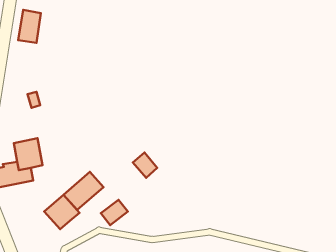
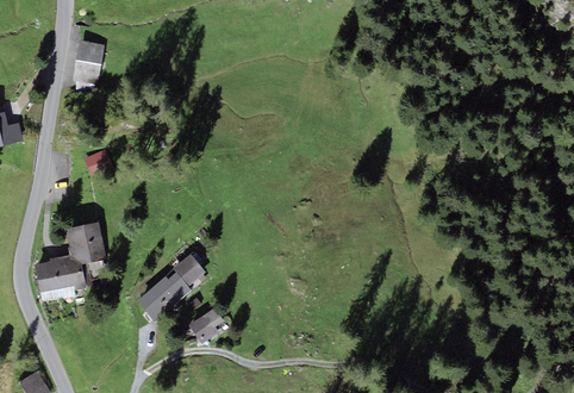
building: [133,152,157,178] -> [173,254,207,289]
building: [44,195,80,229] -> none

